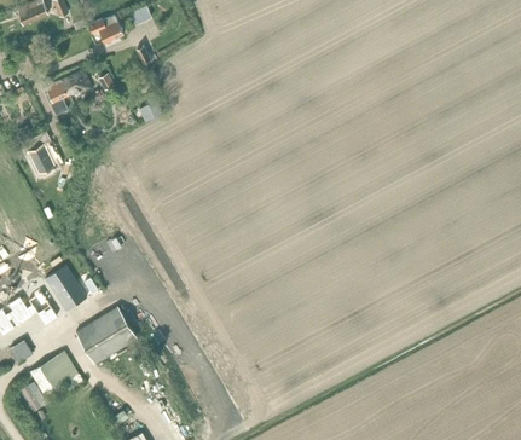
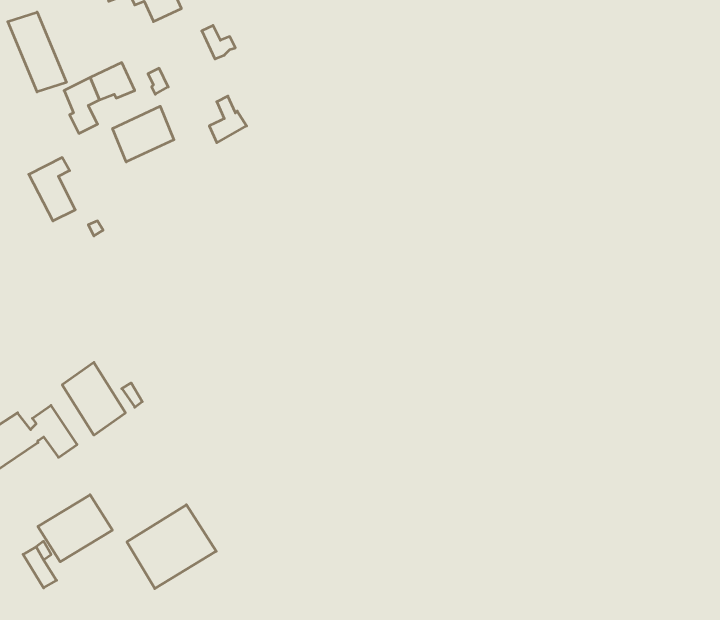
building: none -> [8,12,66,92]
building: none -> [113,106,174,162]
building: [76,308,134,363] -> [127,505,216,589]

